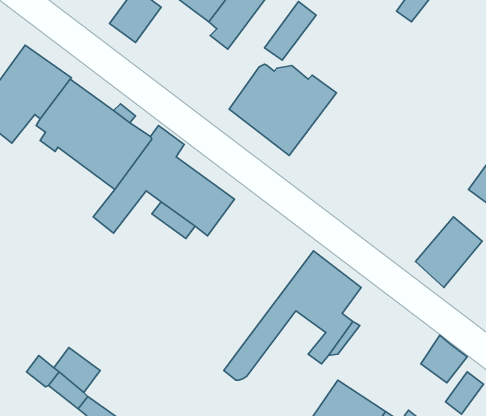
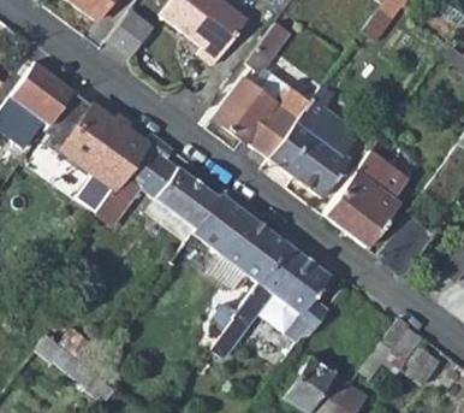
building: none -> [267,84,351,196]
building: none -> [322,152,408,246]
building: none -> [169,191,288,330]

